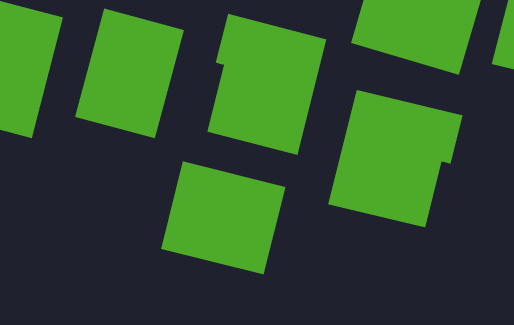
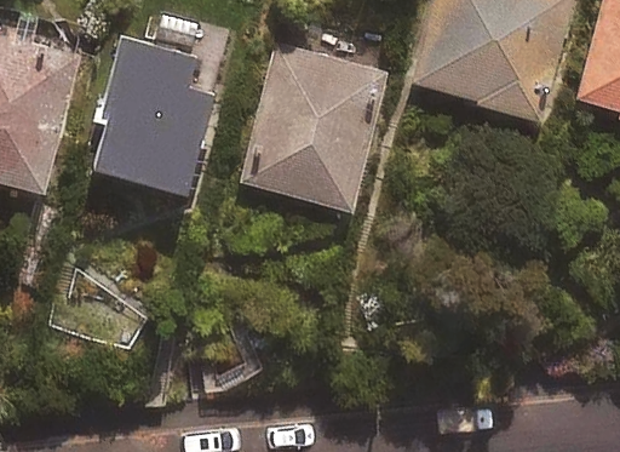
building: [327,89,463,228] -> none
building: [160,161,286,275] -> none

